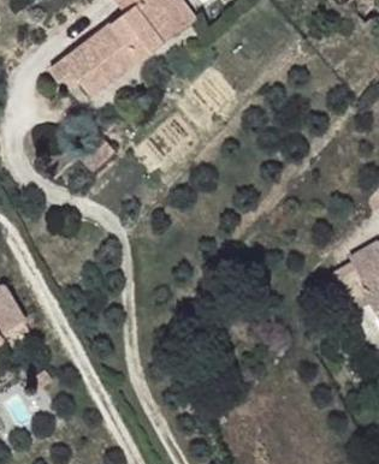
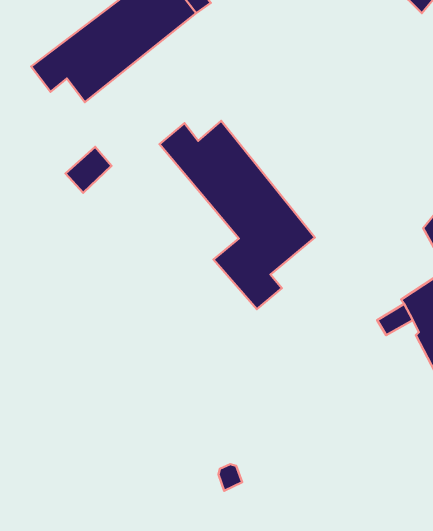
building: none -> [159,121,315,309]

